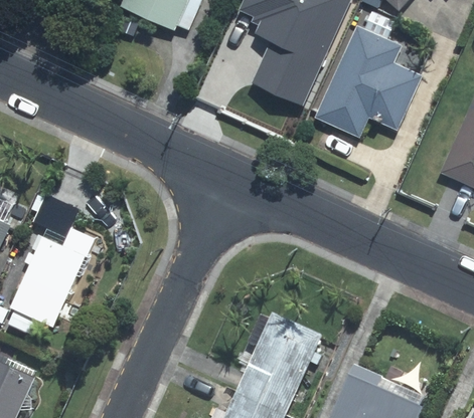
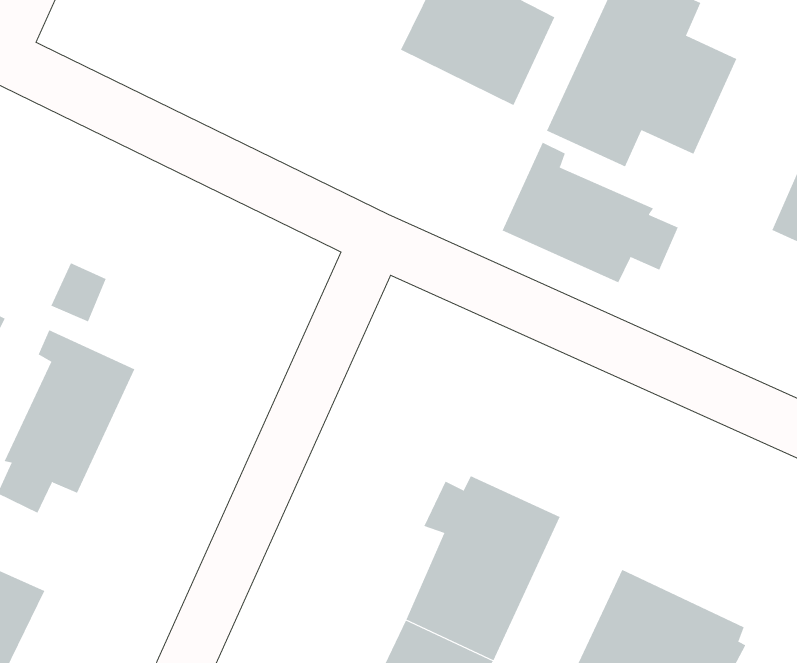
building: none -> [502,142,678,283]

